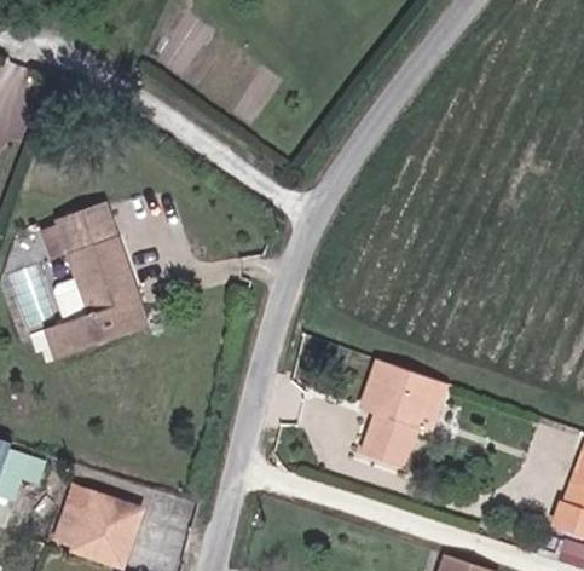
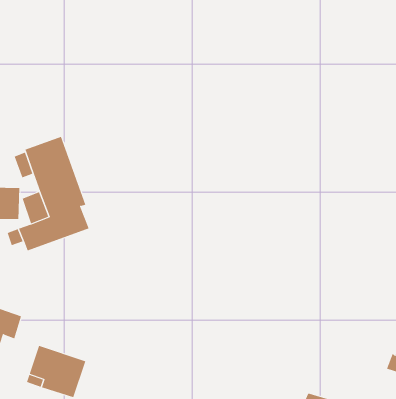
building: [360,359,446,468] -> none

